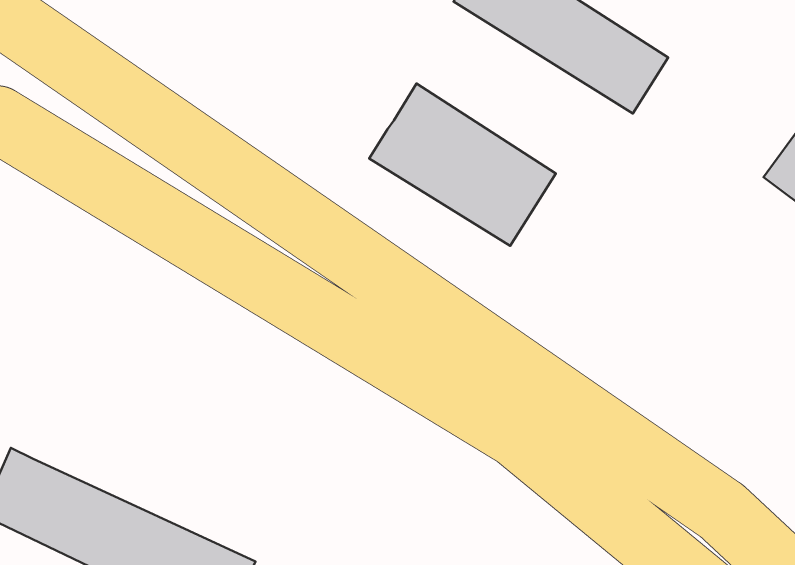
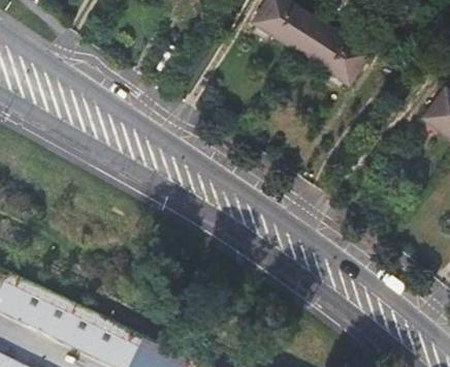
building: [369,83,556,246] -> none

